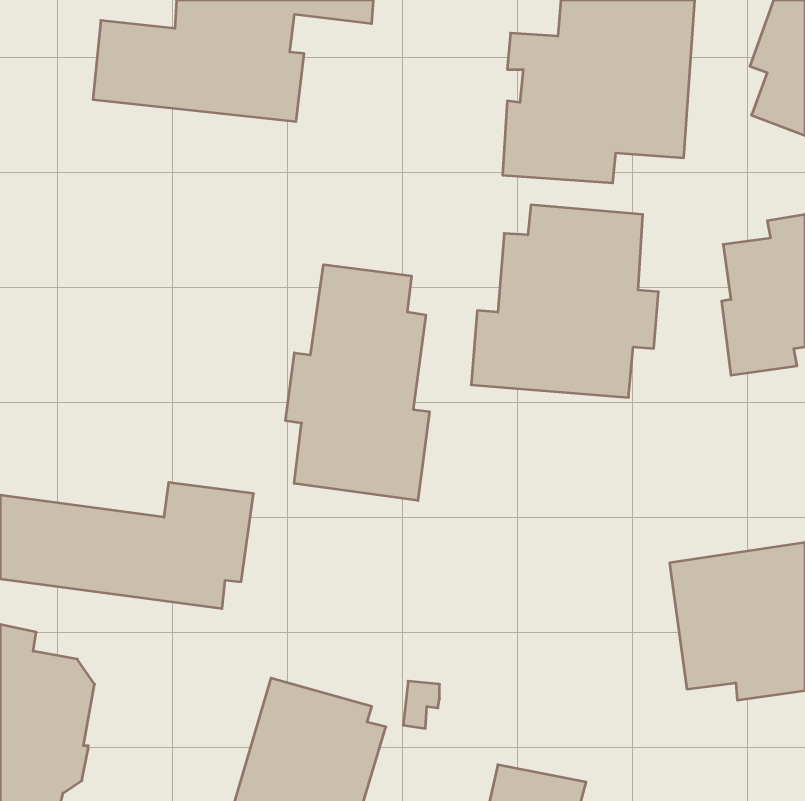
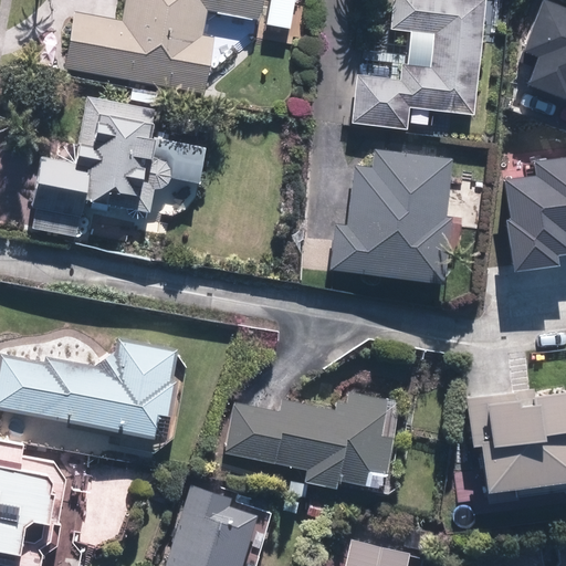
building: none -> [31,97,206,237]
building: [286,265,429,501] -> none
building: none -> [223,390,399,491]

